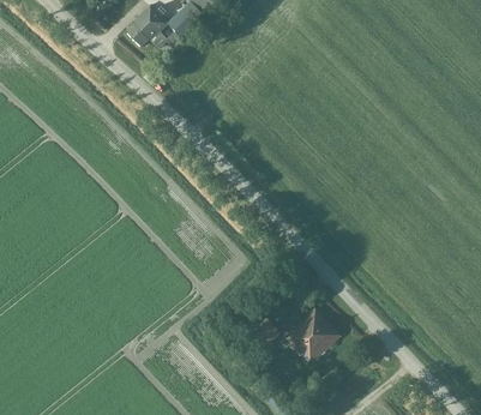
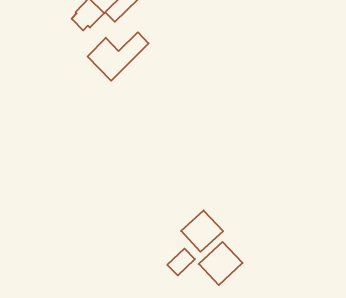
building: none -> [88,32,149,81]
building: none -> [181,210,223,252]

